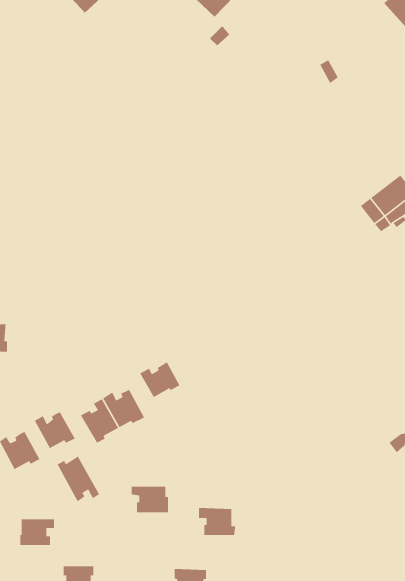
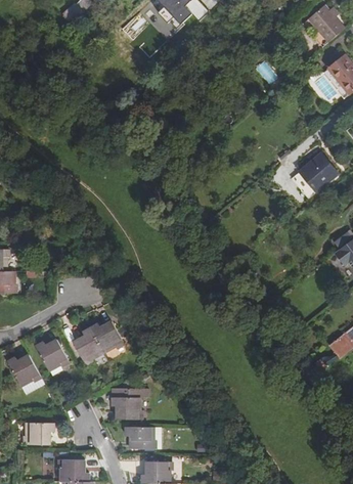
building: [139,361,181,398] -> none
building: [56,456,100,502] -> none
building: [198,507,236,536] -> [125,426,155,448]

